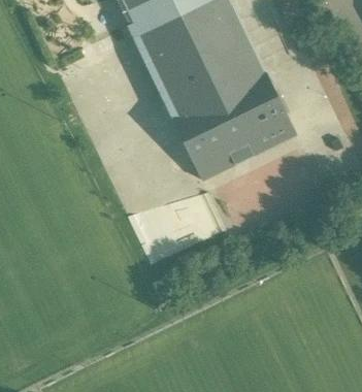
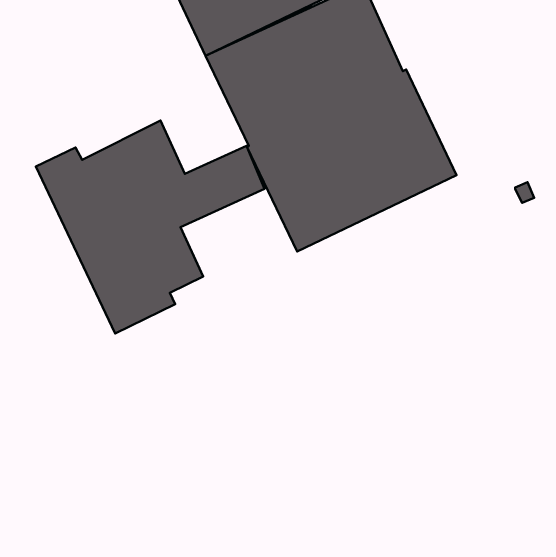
building: none -> [36,121,265,333]

